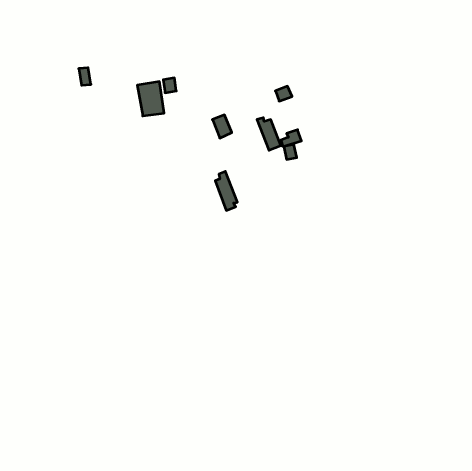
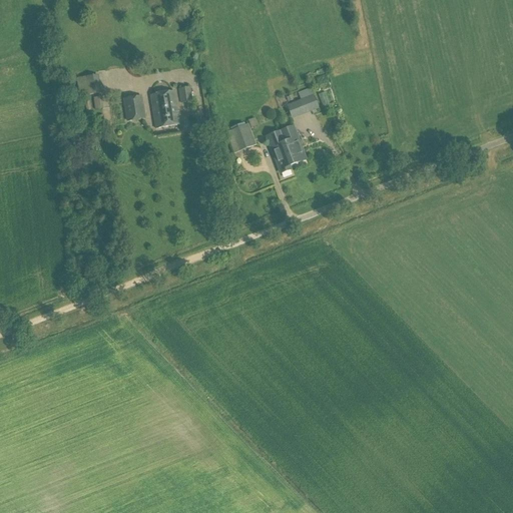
building: none -> [122,94,142,118]
building: [215,171,237,210] -> [267,129,291,171]

